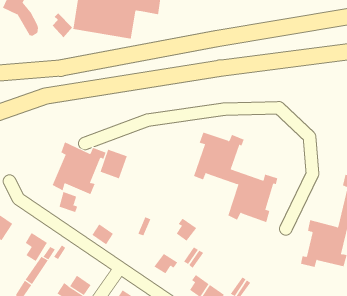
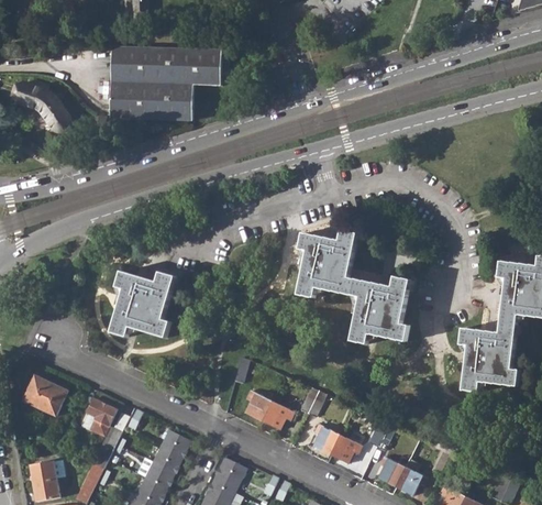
building: [52,12,73,38] -> none
building: [100,149,127,179] -> none
building: [59,191,78,213] -> none
building: [176,218,197,242] -> [245,389,273,420]
building: [91,223,114,245] -> [161,429,190,457]

